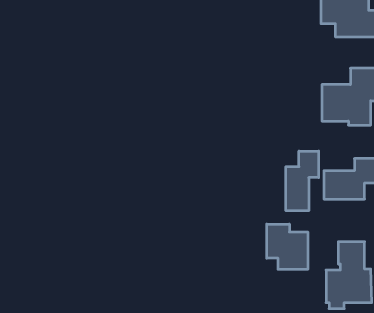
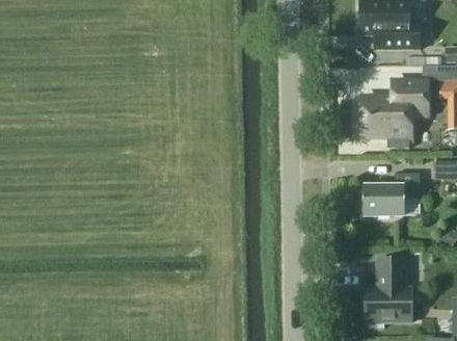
building: [286,151,319,211] -> none
building: [267,224,308,269] -> none

